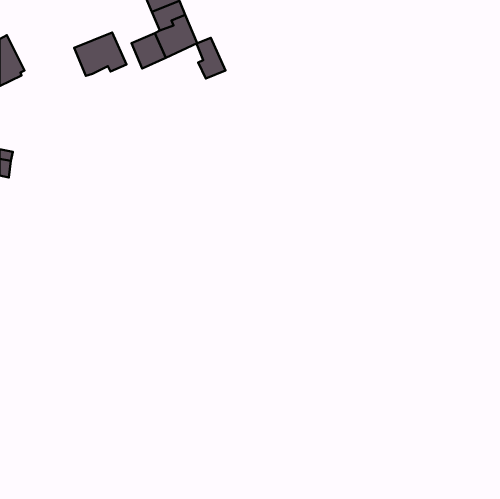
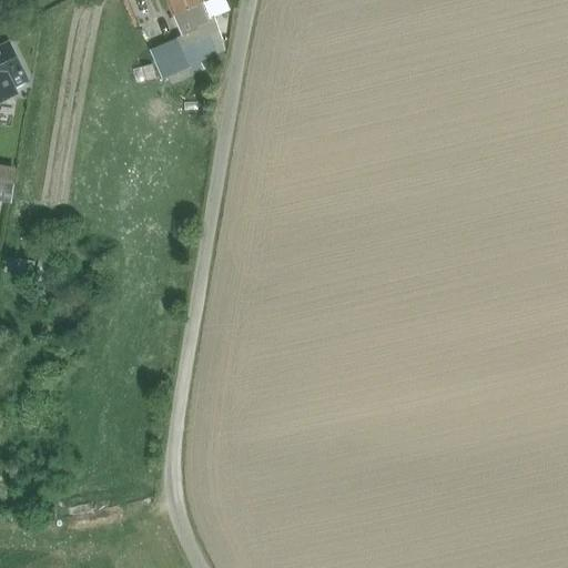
building: [74,33,127,76] -> none
building: [196,38,225,79] -> none

